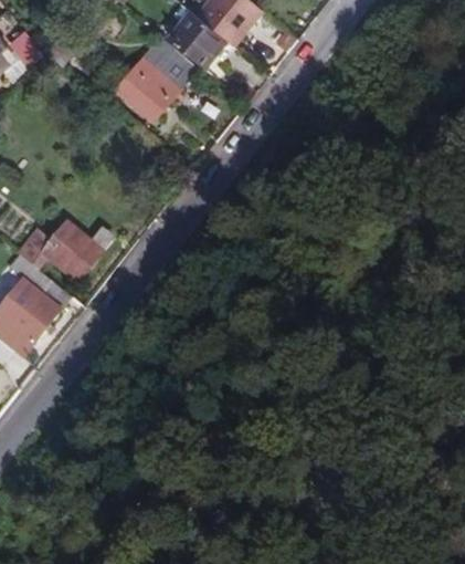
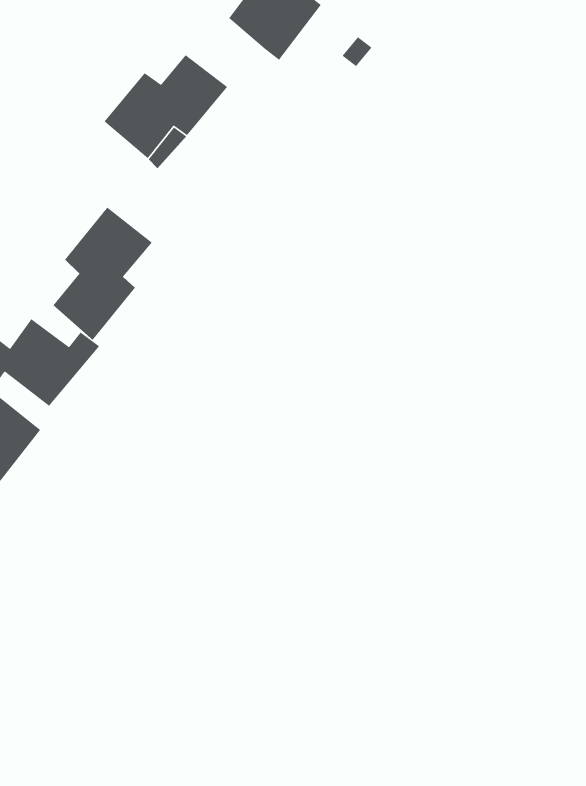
building: [166,10,222,66] -> none
building: none -> [53,206,153,341]

